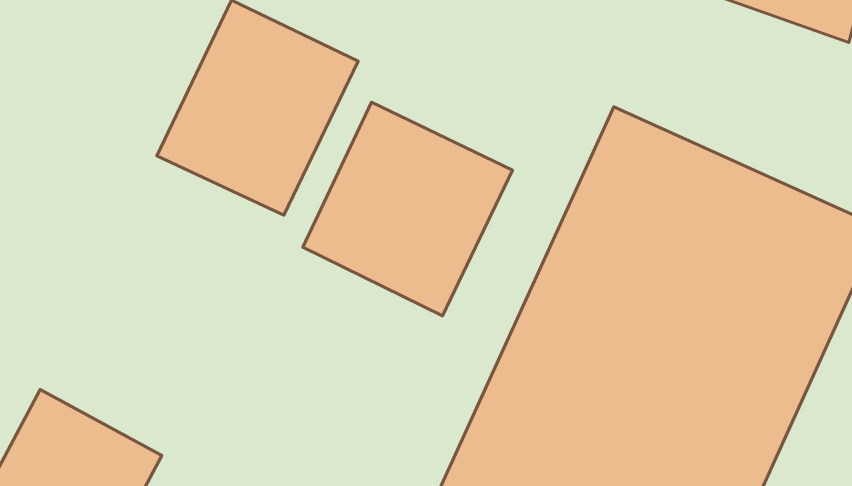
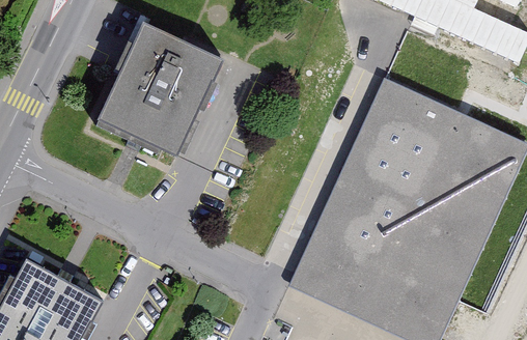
building: [303,102,513,316] -> none

